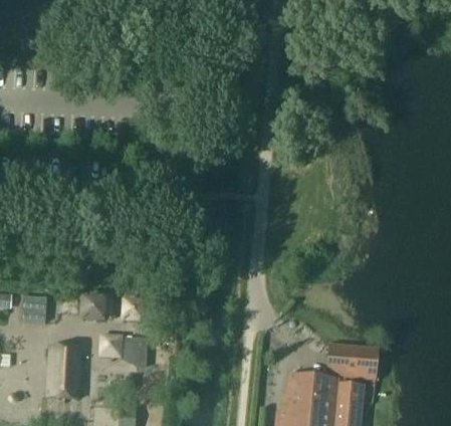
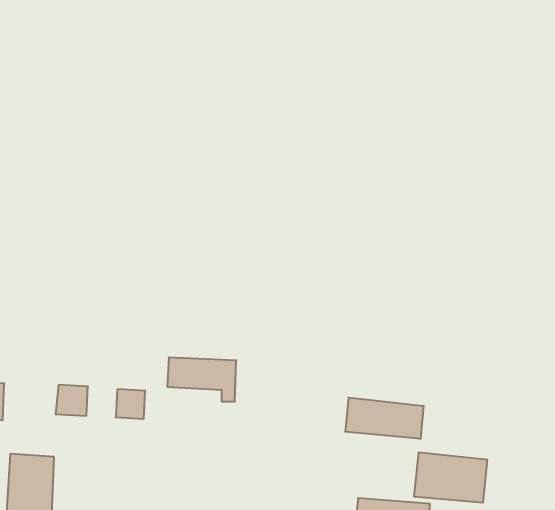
building: none -> [345,397,424,439]
building: [100,336,148,366] -> [167,357,236,402]

